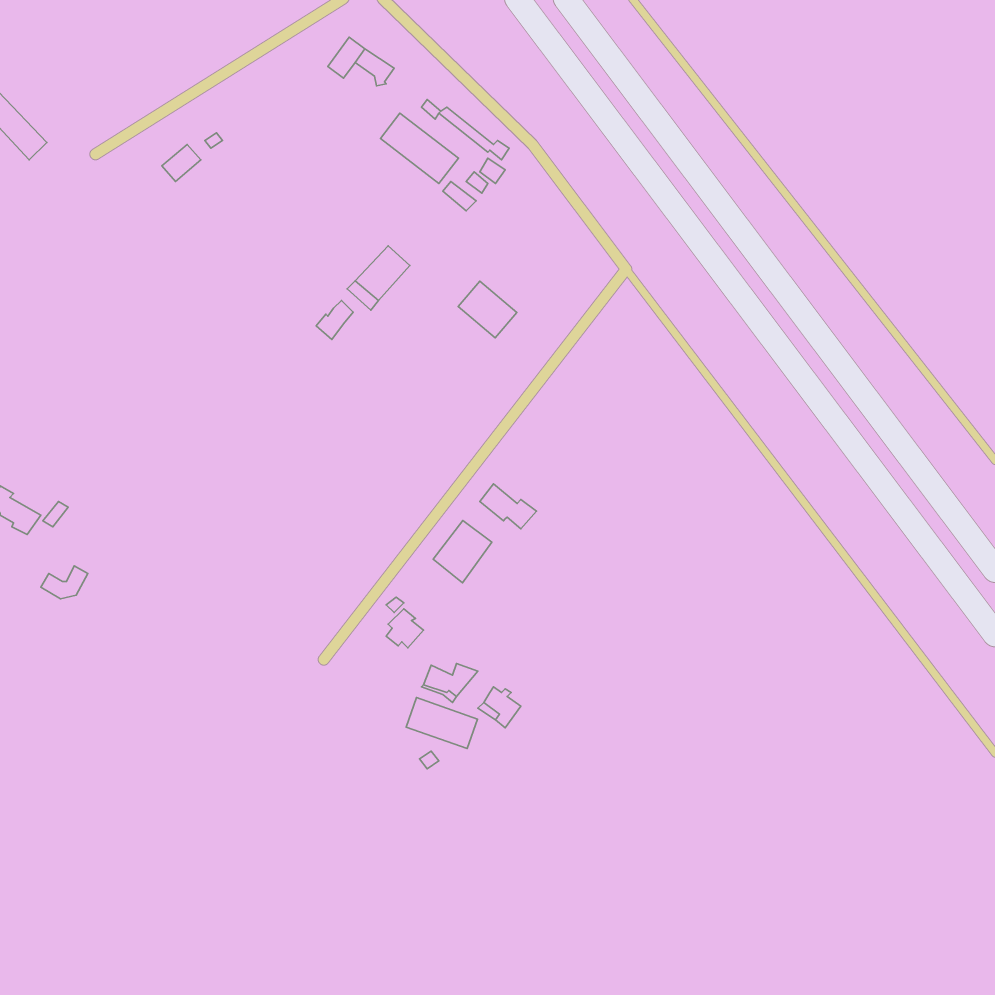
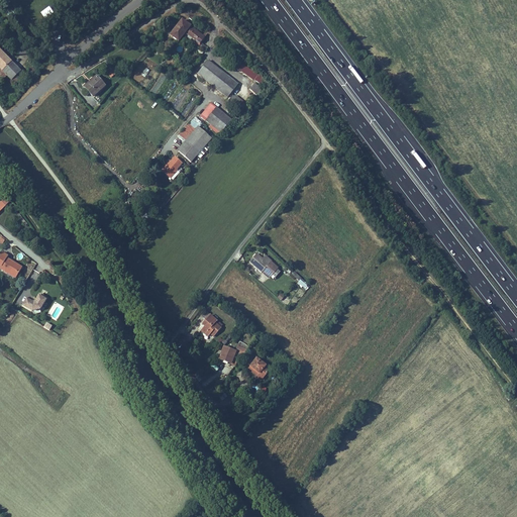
building: [458,281,517,338] -> [200,102,230,131]
building: [433,520,492,583] -> none
building: [406,698,477,749] -> none

